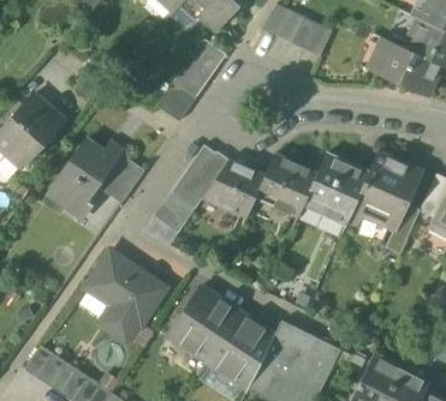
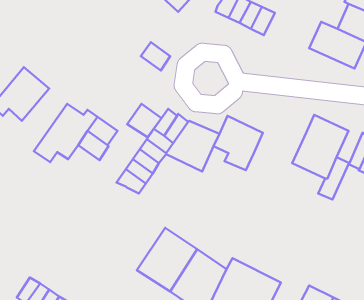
building: [184,38,225,82] -> none
building: [155,82,196,121] -> [127,104,162,137]
building: [307,154,369,223] -> none
building: [87,252,163,340] -> none

